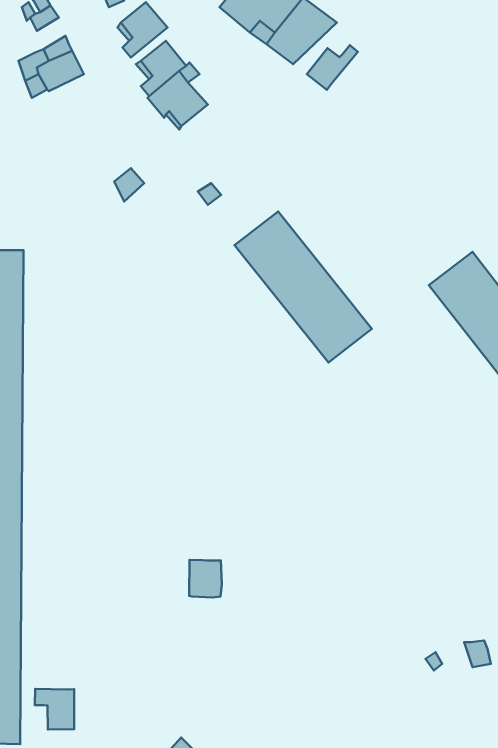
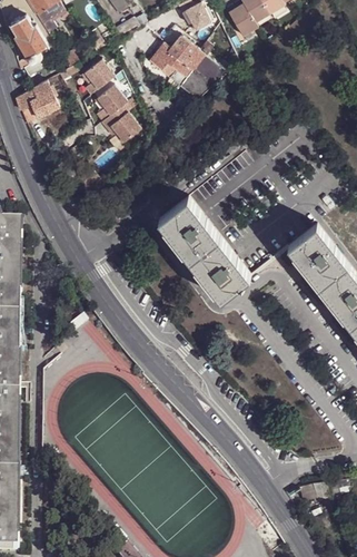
building: [307,45,358,90] -> none
building: [189,560,222,598] -> none
building: [35,689,74,730] -> none

